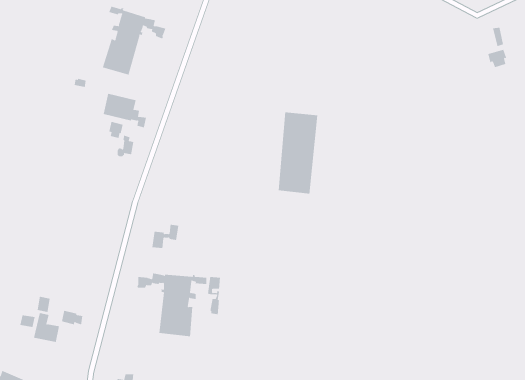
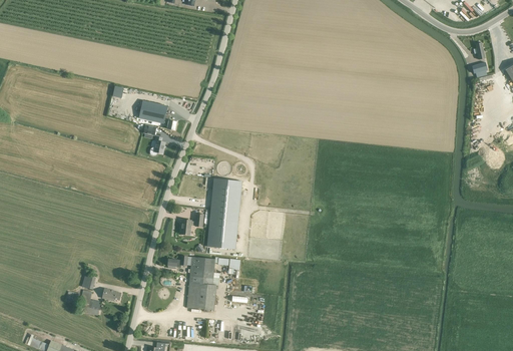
building: [102,6,166,76] -> none
building: [278,112,318,194] -> [207,179,242,250]

